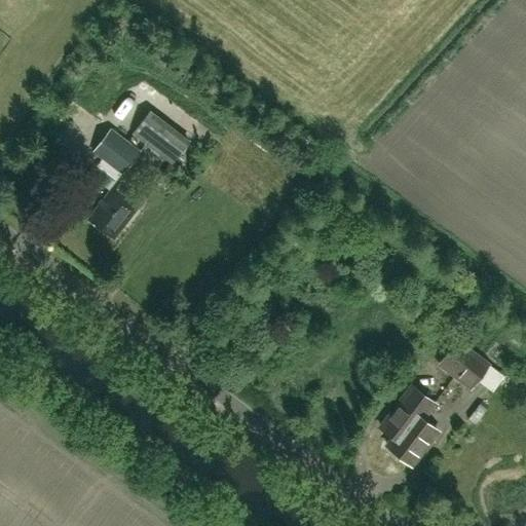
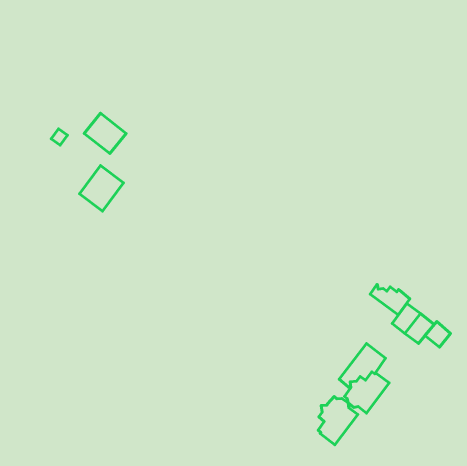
building: [135,112,190,164] -> none
building: none -> [370,284,410,315]
building: none -> [318,396,358,445]

